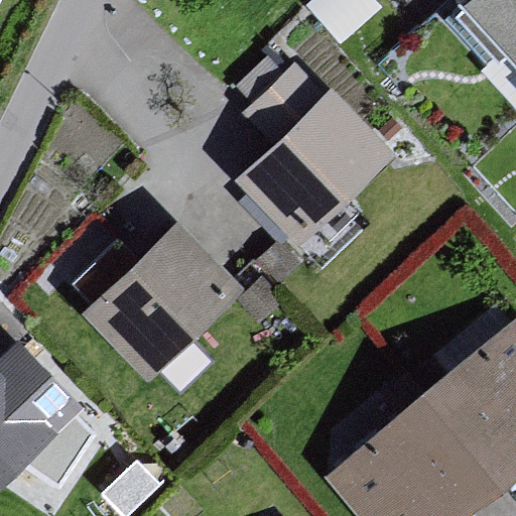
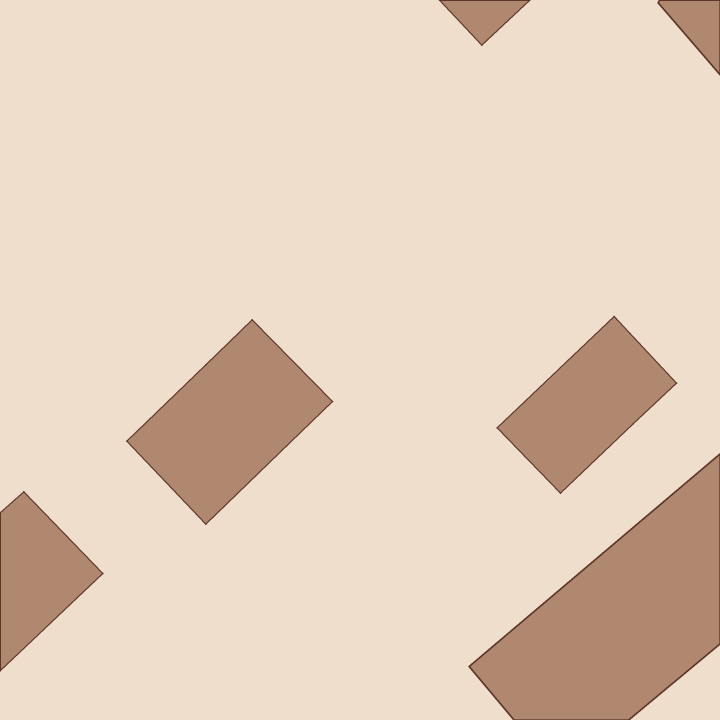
building: [243,61,392,239] -> none
building: none -> [497,316,676,493]

